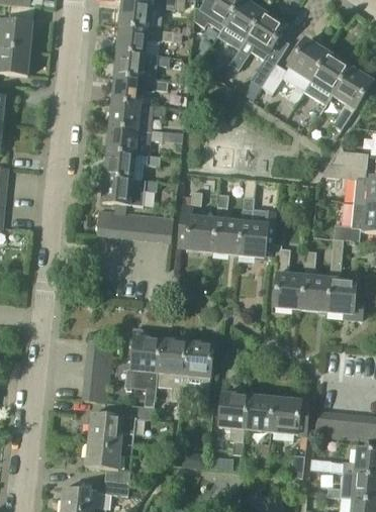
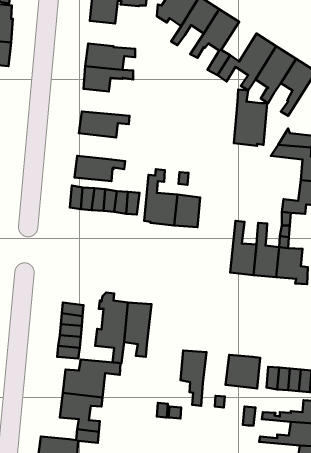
building: [116,25,172,54] -> none
building: [109,101,165,130] -> none
building: [104,150,160,180] -> none
building: [239,196,276,259] -> [234,90,267,146]
building: [182,341,212,403] -> none
building: [245,395,274,431] -> none

